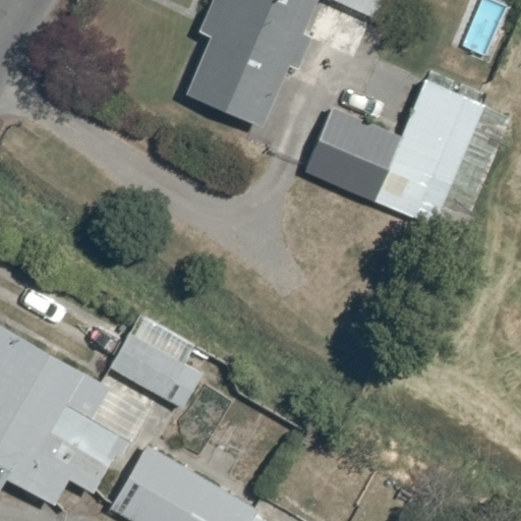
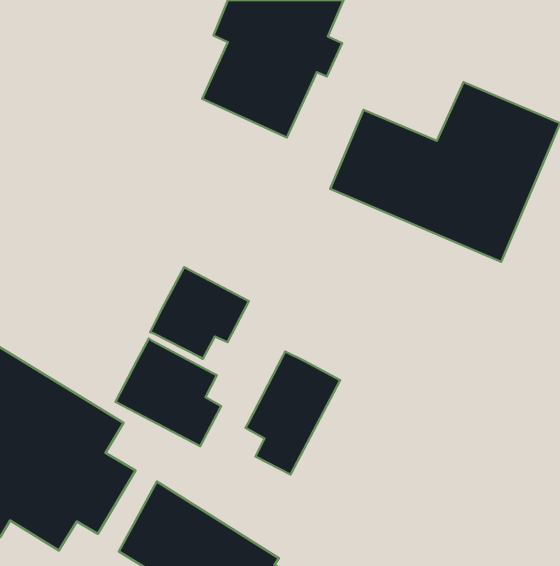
building: none -> [150,267,249,359]
building: none -> [246,351,340,475]

